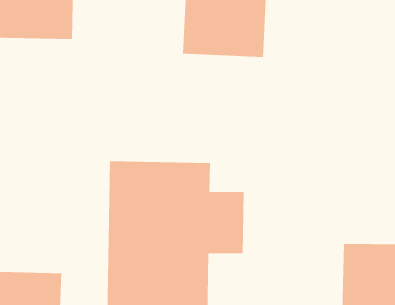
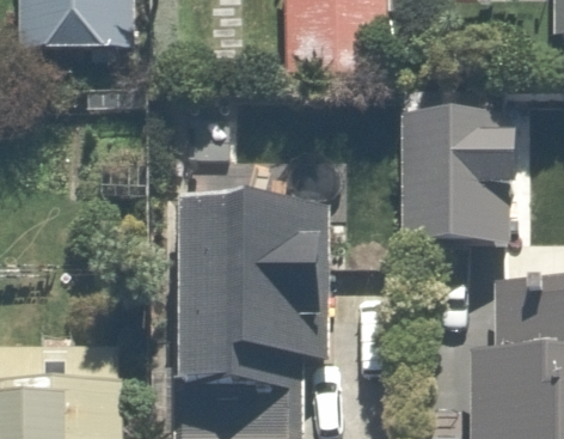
building: none -> [405,122,520,256]

